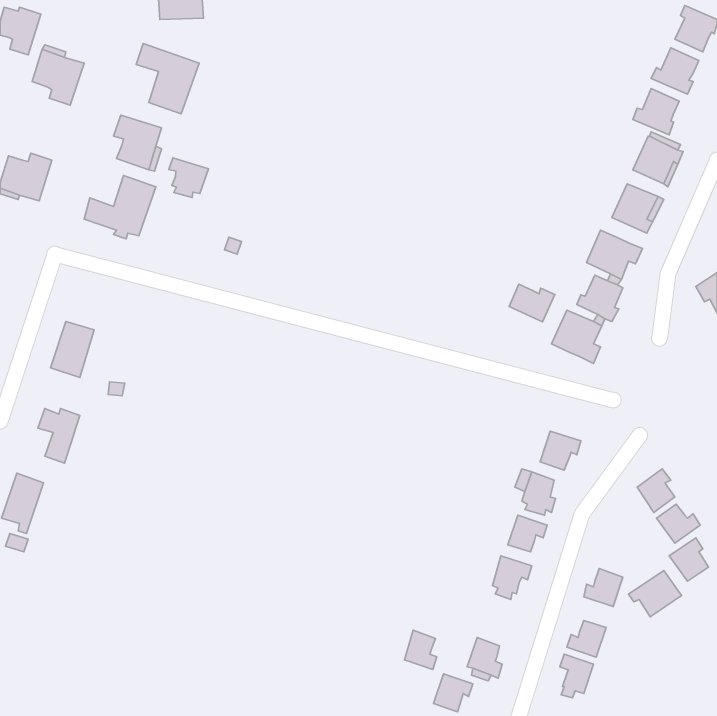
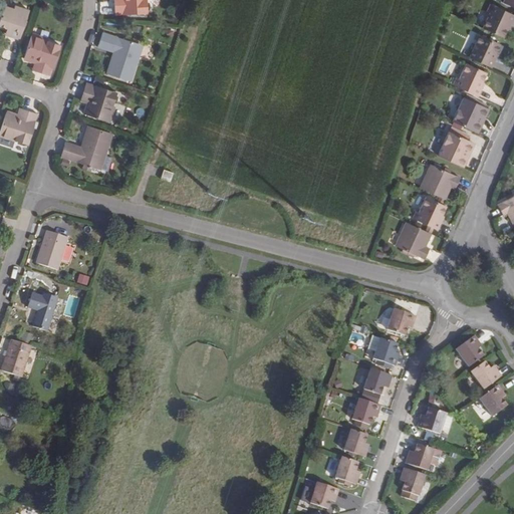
building: [169,158,209,198] -> none
building: [509,284,555,322] -> none
building: [628,570,682,617] -> none
building: [405,630,437,670] -> [344,429,367,457]

